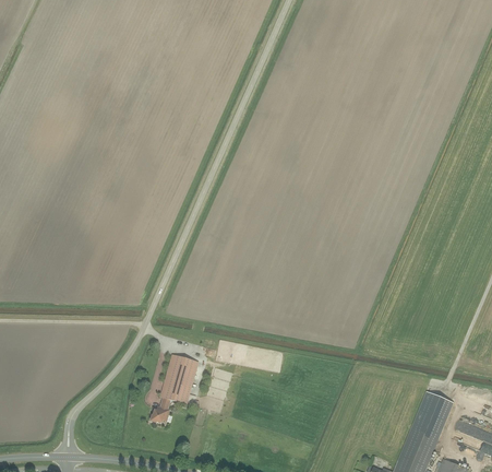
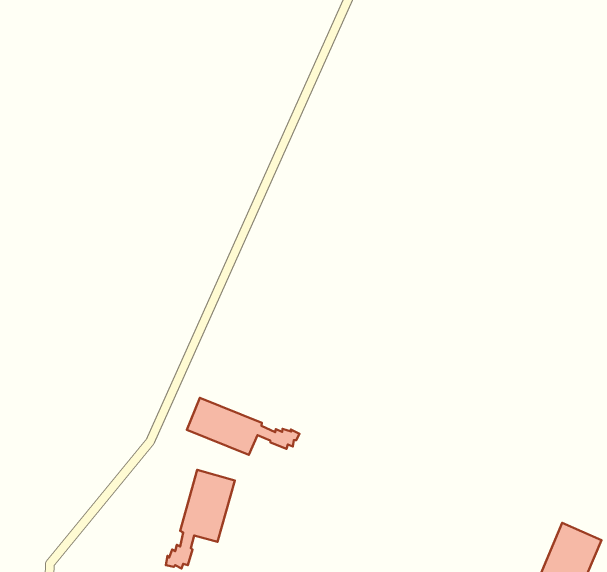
building: none -> [187,398,300,455]

